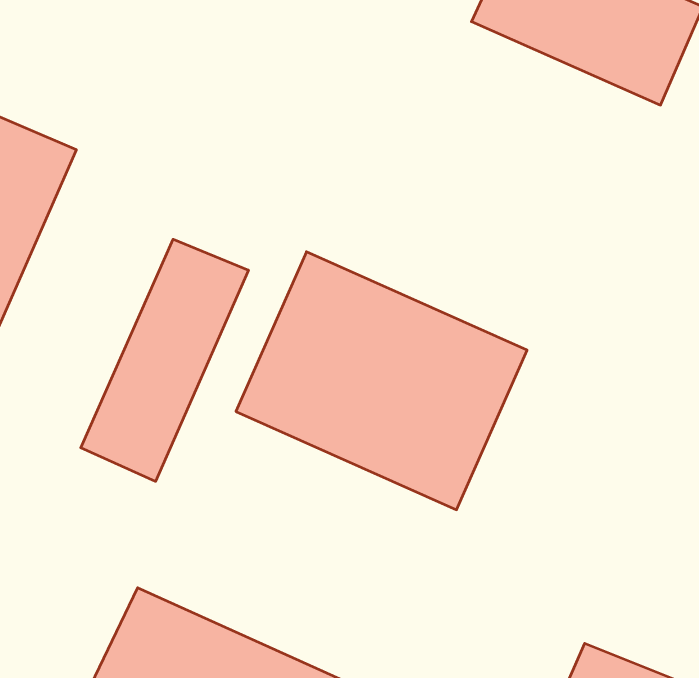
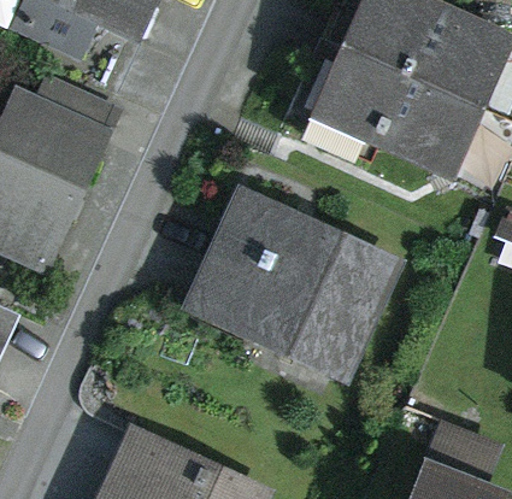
building: none -> [323,55,473,174]
building: [81,239,248,481] -> none

